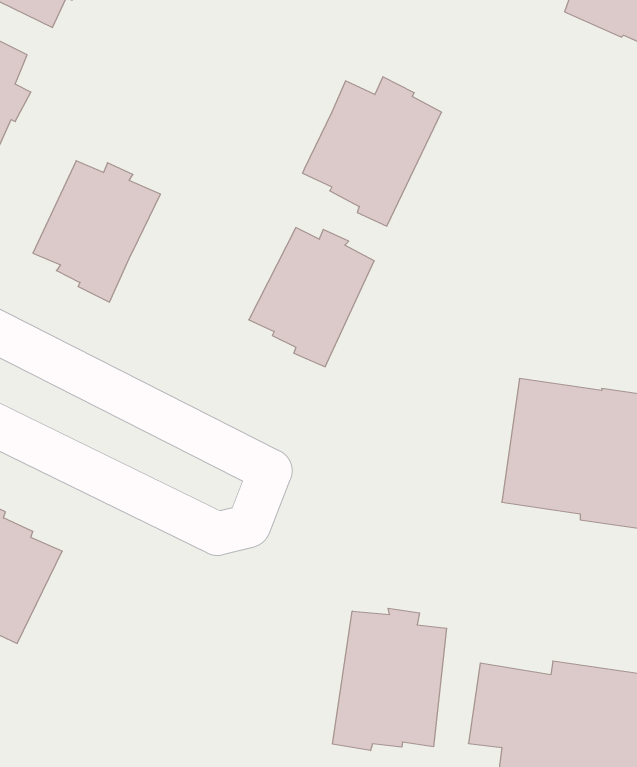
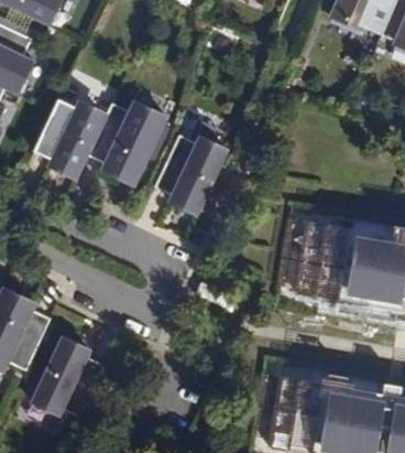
building: [302,77,442,226] -> [89,98,167,182]
building: none -> [31,336,105,417]
building: [333,608,447,751] -> none

